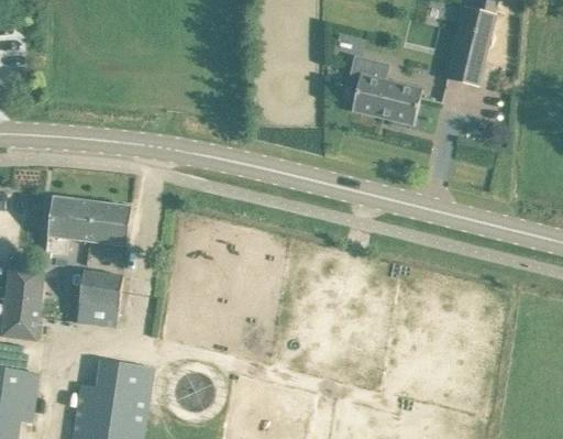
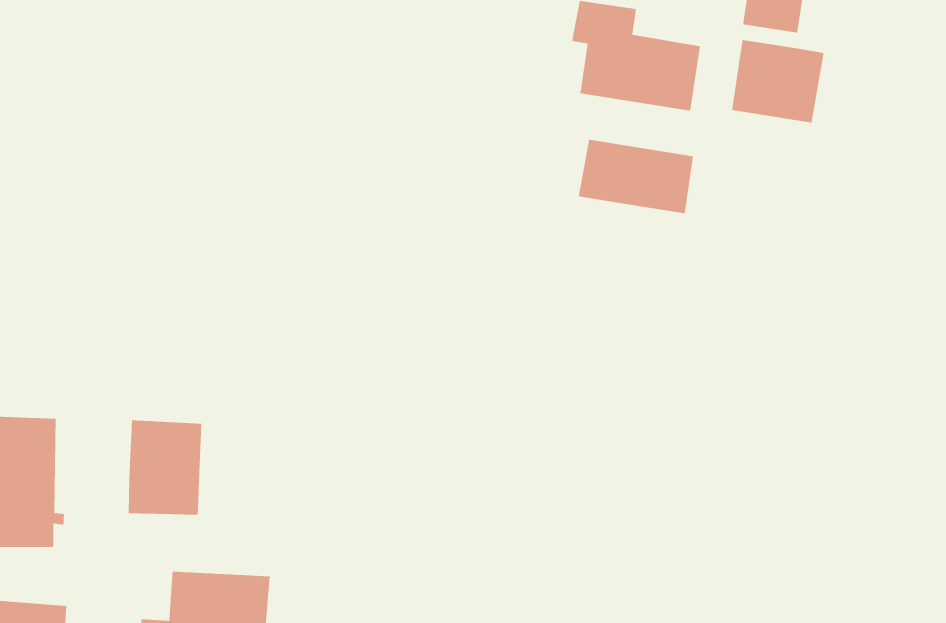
building: none -> [731,39,825,124]
building: none -> [578,139,694,214]
building: [45,197,131,253] -> none

